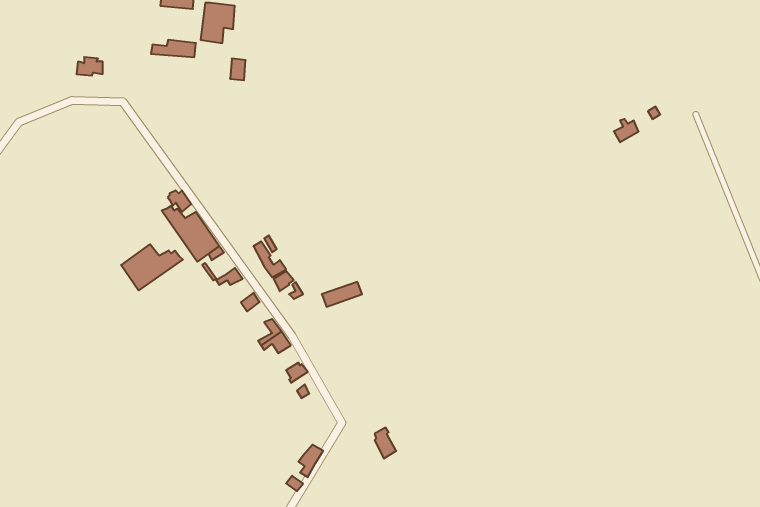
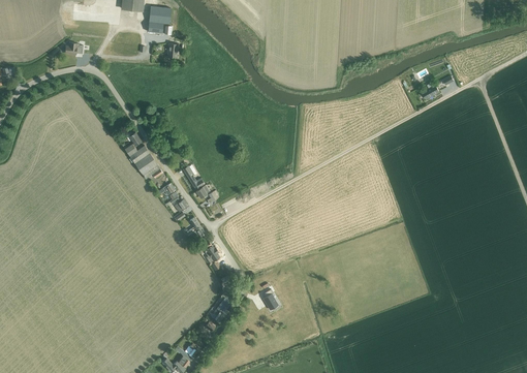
building: [121,244,183,290] -> none

